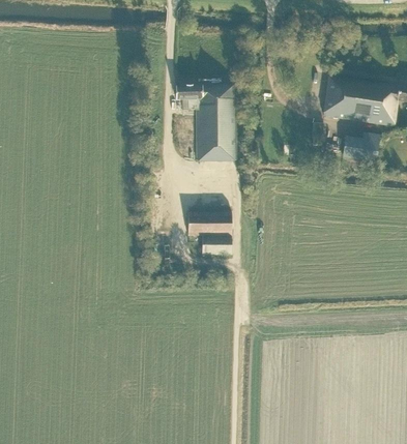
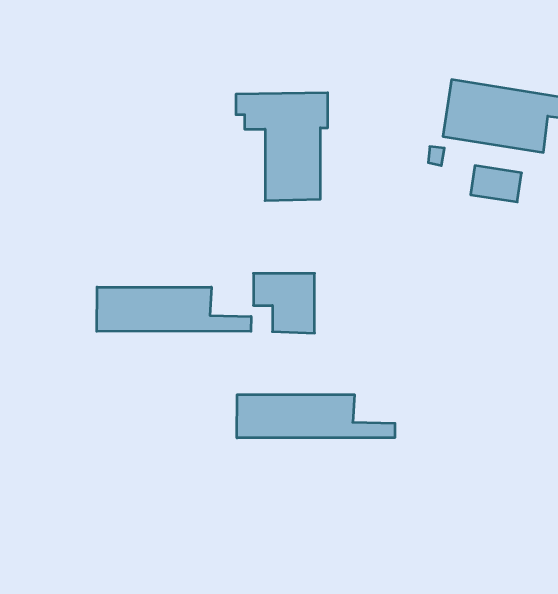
building: none -> [97,287,251,331]
building: none -> [237,395,395,438]

